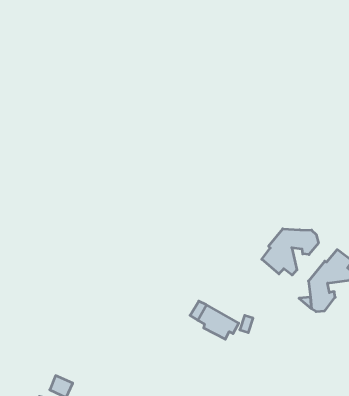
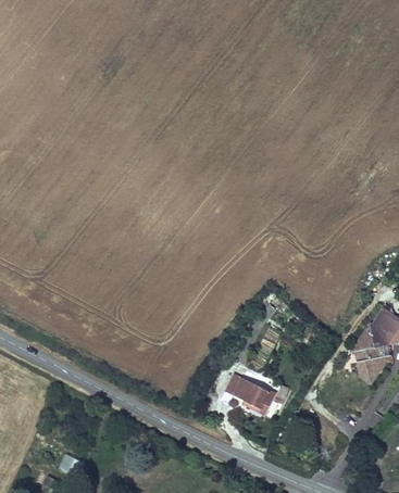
building: [262,229,318,275] -> none

